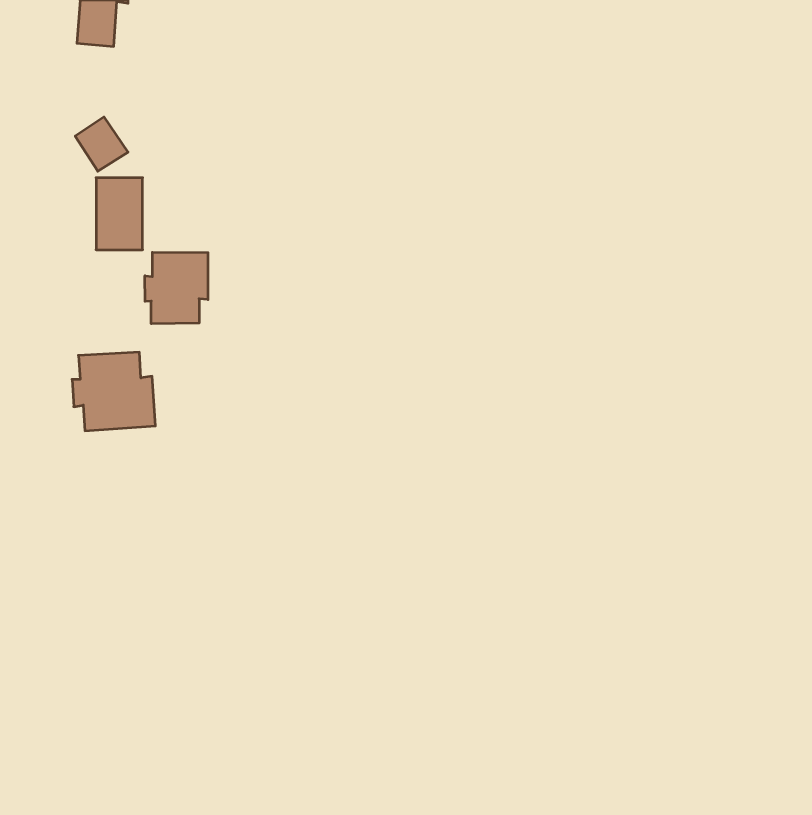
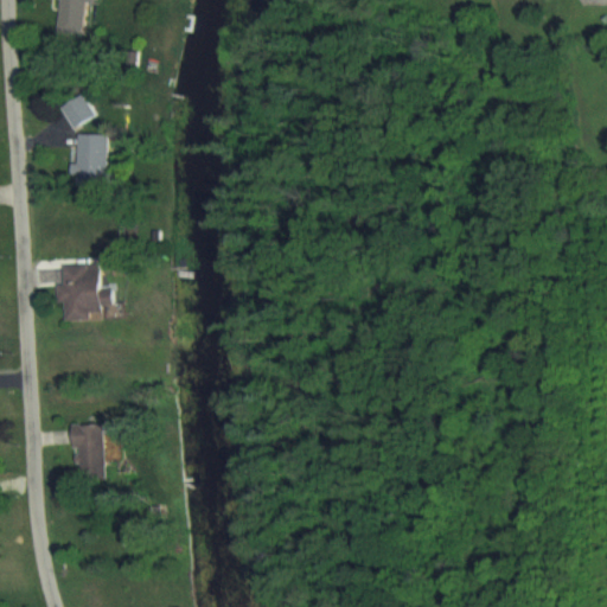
building: [145,252,208,324] -> none
building: none -> [72,424,103,472]

